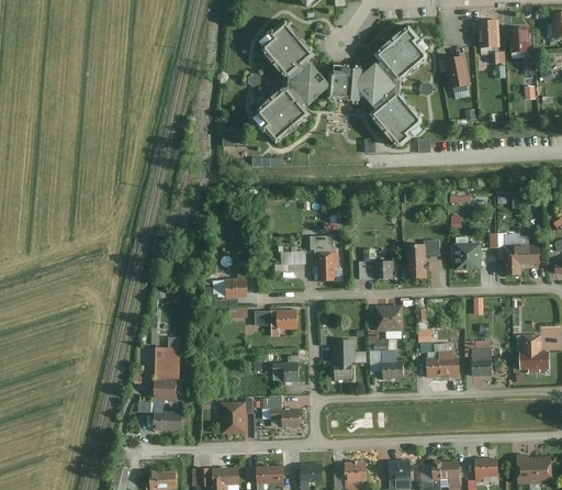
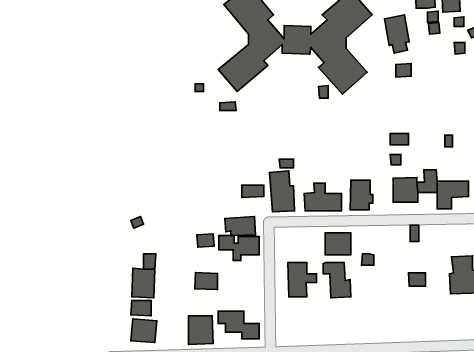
building: [212,277,247,299] -> [225,217,256,236]
building: [426,359,460,377] -> none
building: [272,361,299,381] -> [195,272,218,290]

